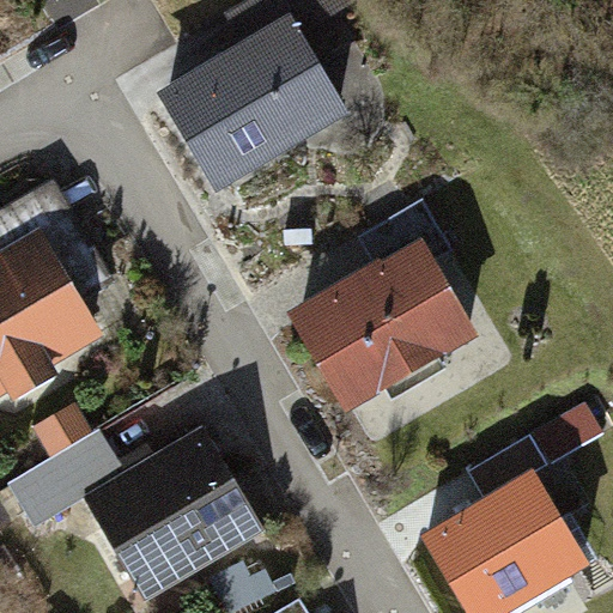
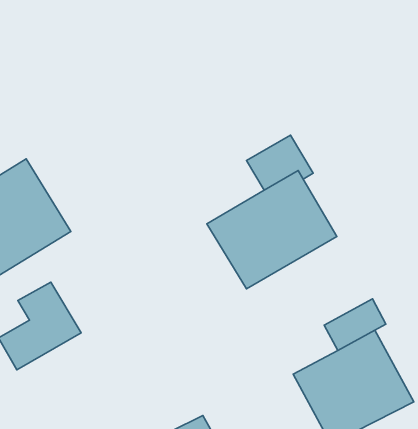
building: [163,17,348,188] -> none
building: [91,429,271,599] -> none

